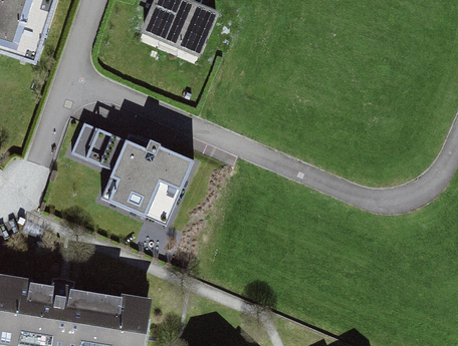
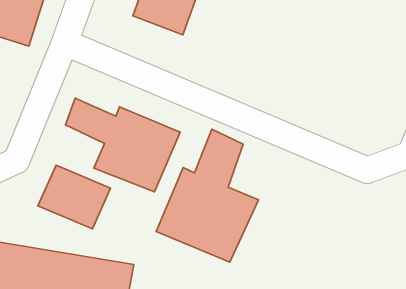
building: none -> [156,129,258,262]
building: none -> [38,165,111,229]

